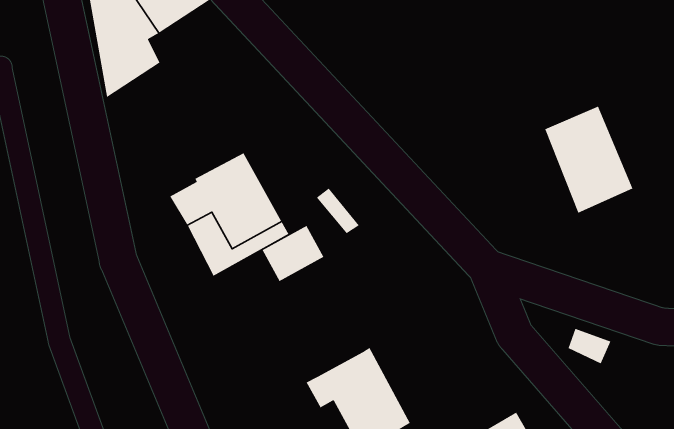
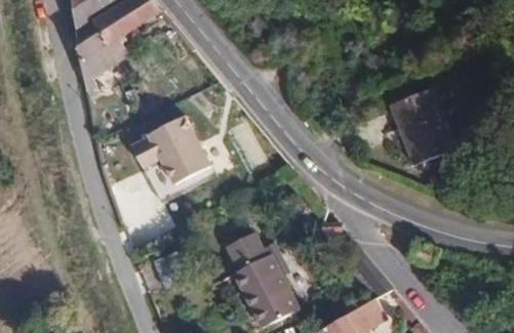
building: [261,225,324,282] -> [223,232,267,272]

